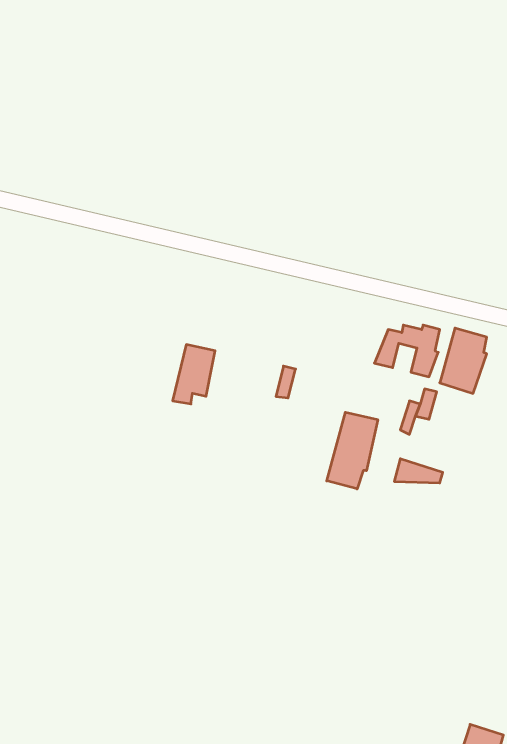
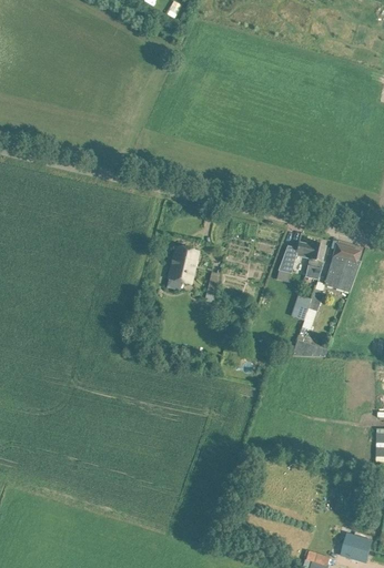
building: [173,345,215,404] -> [166,245,198,288]
building: [327,412,378,489] -> none

